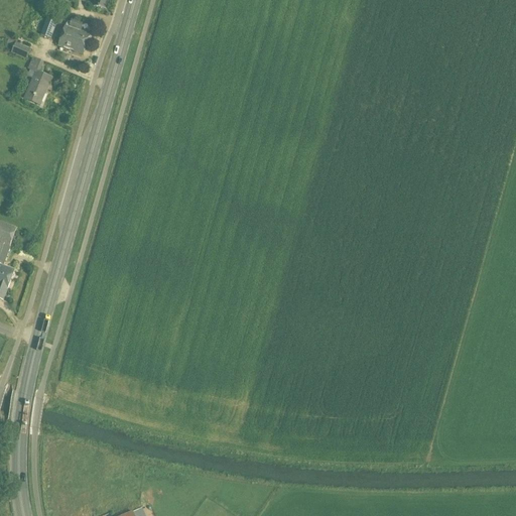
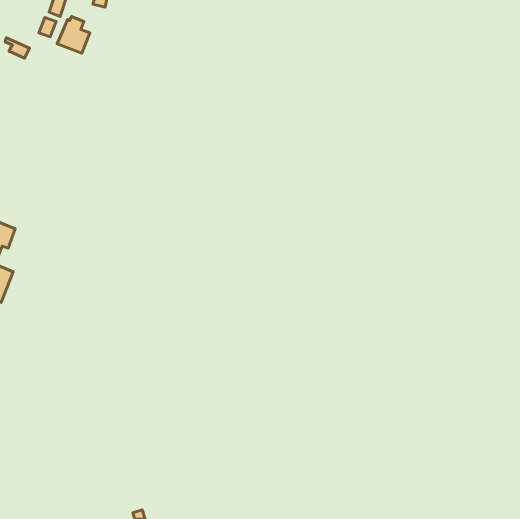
building: [23,55,50,103] -> none

